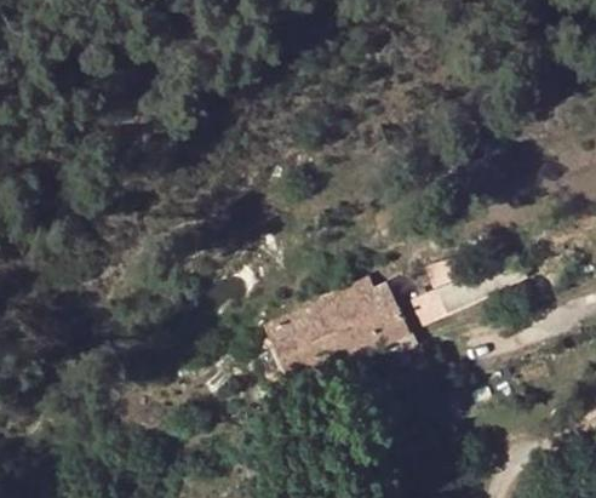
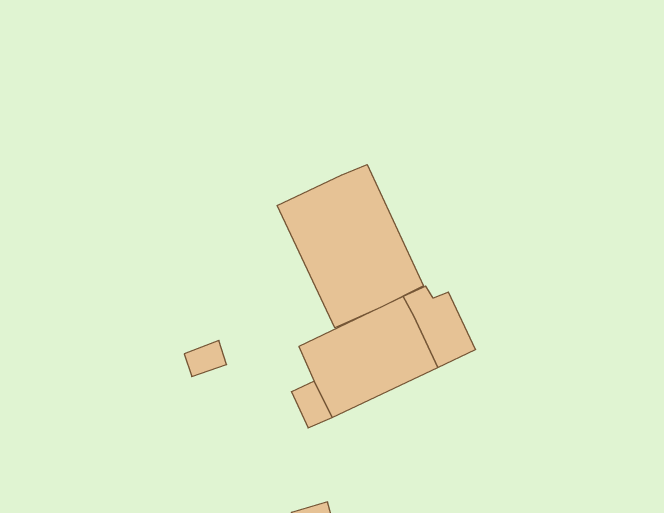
building: none -> [277,165,423,328]

